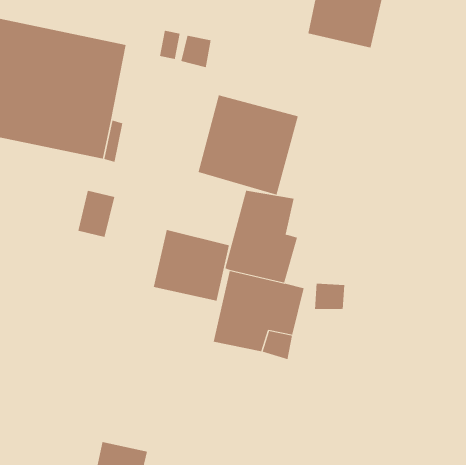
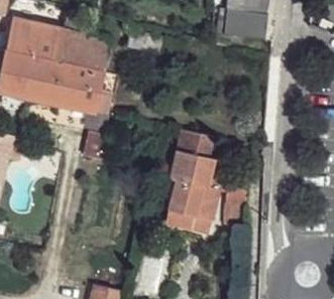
building: [198,95,298,195] -> none
building: [153,229,229,302] -> none

